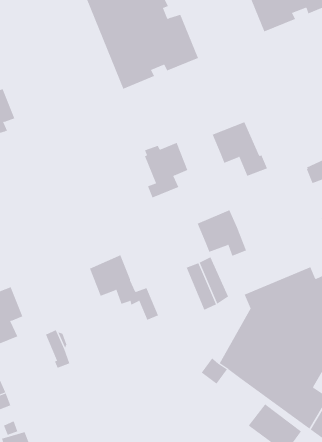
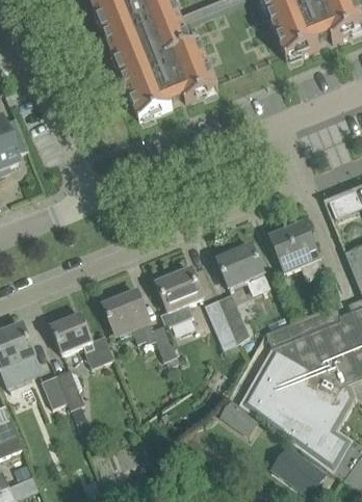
building: [212,121,268,176] -> [269,222,328,280]
building: [144,142,188,198] -> [157,269,203,327]
building: none -> [51,314,114,368]
building: none -> [42,374,70,408]

